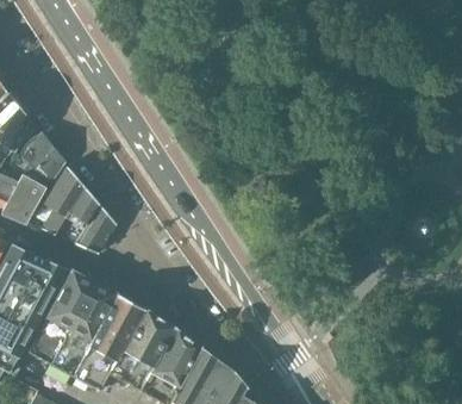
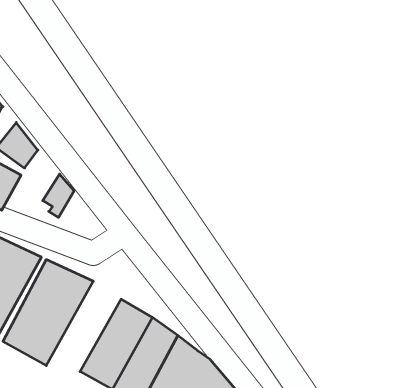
building: [40,167,83,236] -> none
building: [74,204,116,254] -> none
building: [70,293,144,392] -> none

